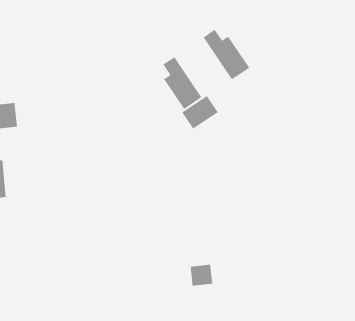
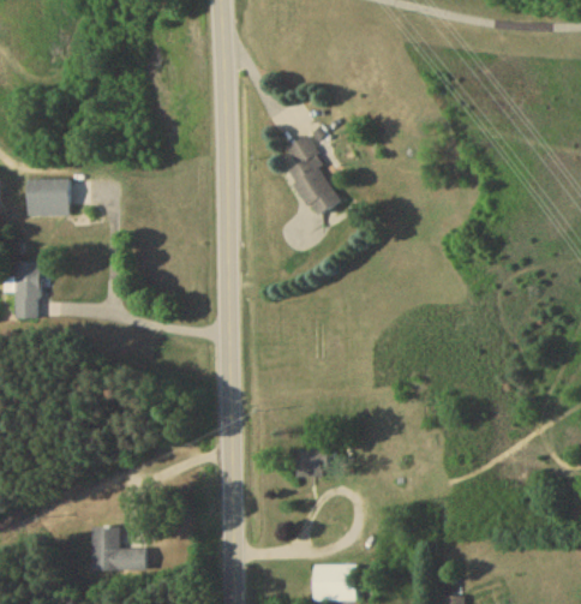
building: [203,29,250,80] -> none
building: [181,95,219,130] -> none

